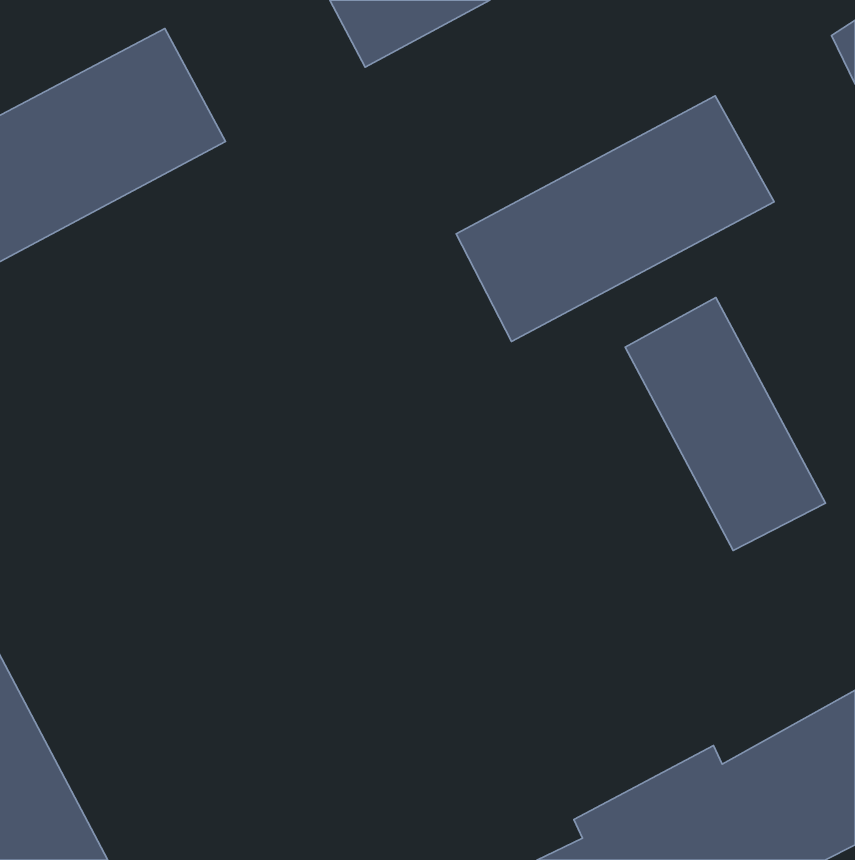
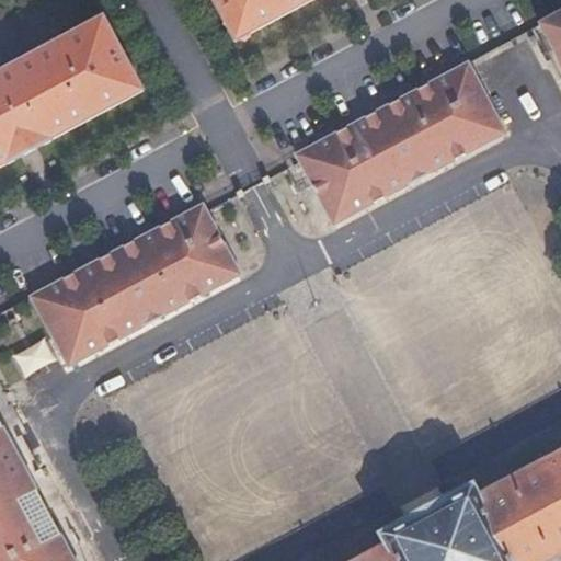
building: [625,297,825,550] -> none
building: none -> [32,201,241,362]

